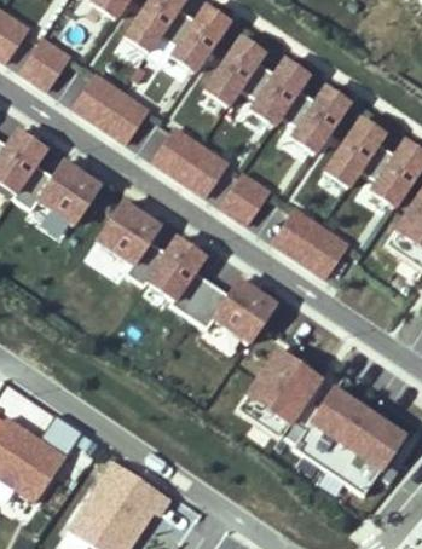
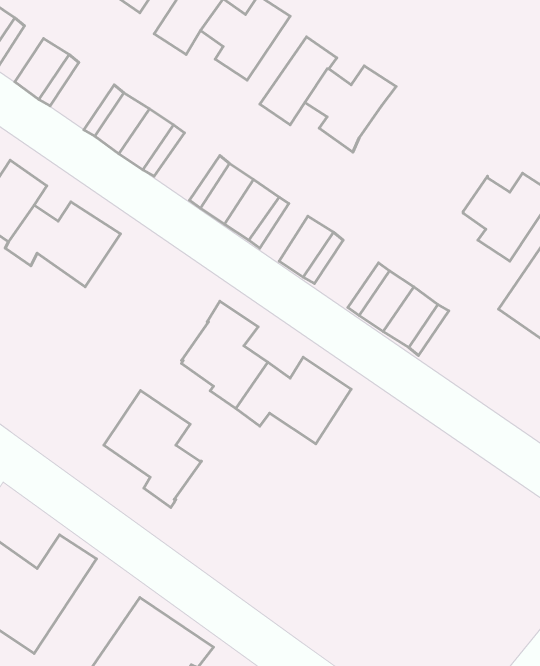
building: [282,86,349,150] -> none
building: [326,116,385,184] -> none
building: [94,198,168,287] -> [104,391,201,507]
building: [236,349,404,497] -> none

